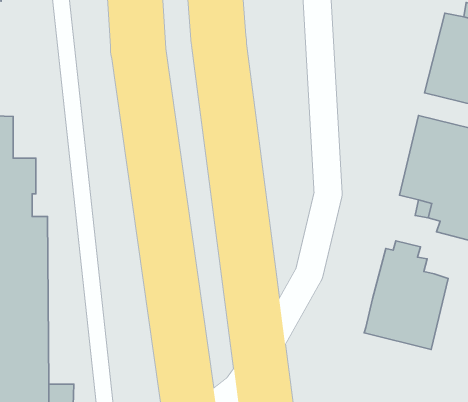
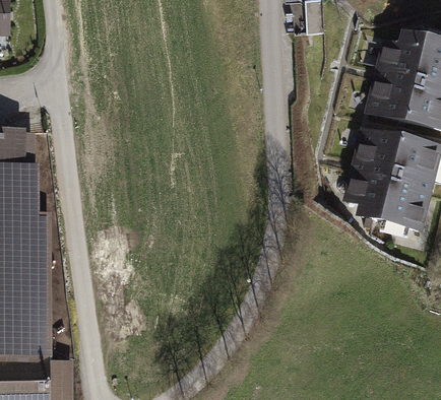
building: [364,241,448,349] -> none

